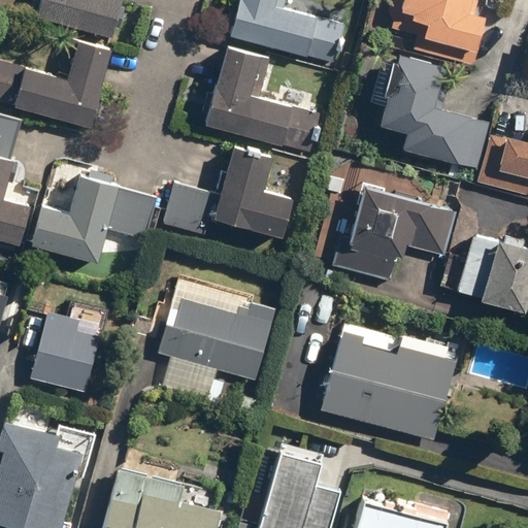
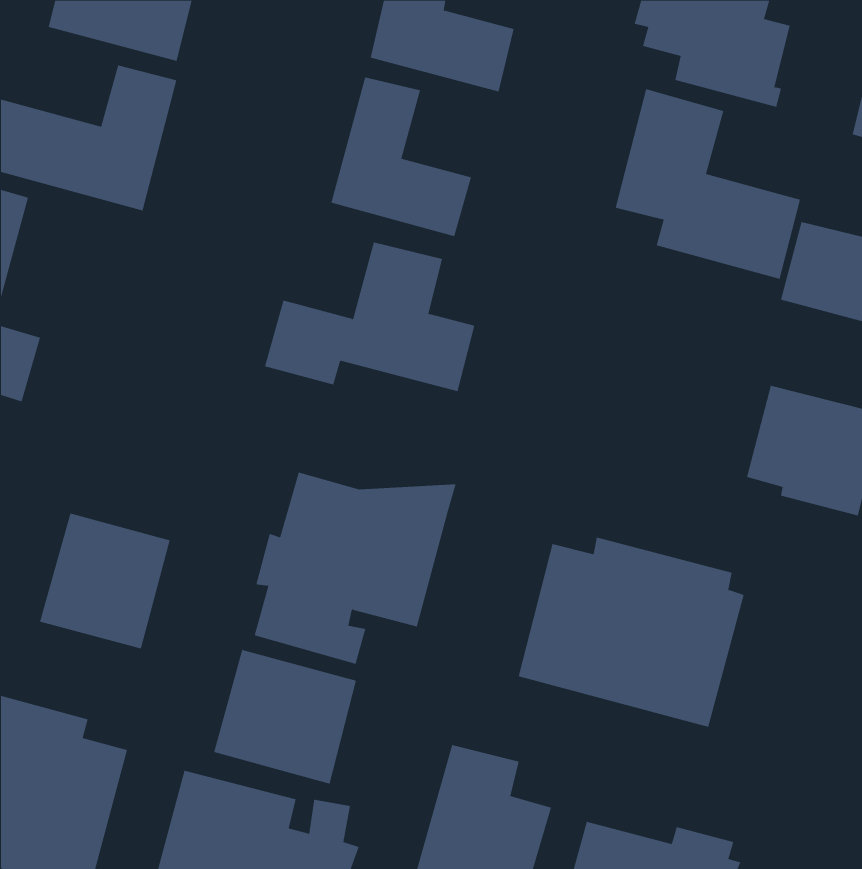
building: [29,176,159,265] -> none
building: [334,185,458,283] -> none
building: none -> [214,649,356,784]

